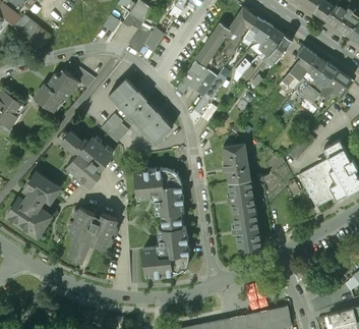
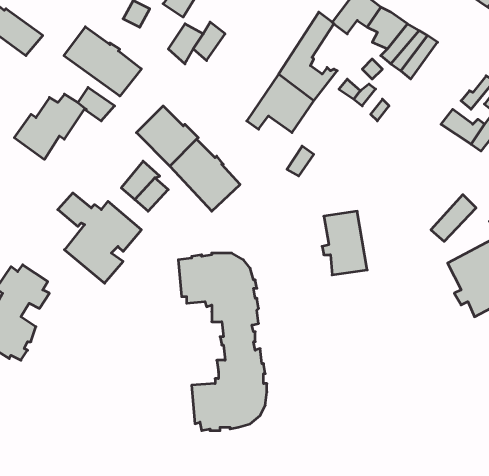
building: none -> [64,27,141,96]
building: [282,47,316,86] -> none
building: [227,178,260,250] -> none
building: [69,208,116,261] -> none

